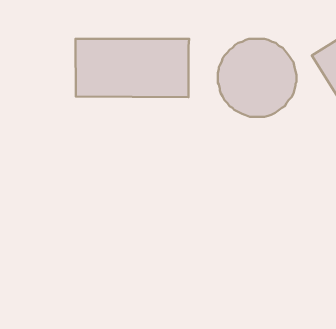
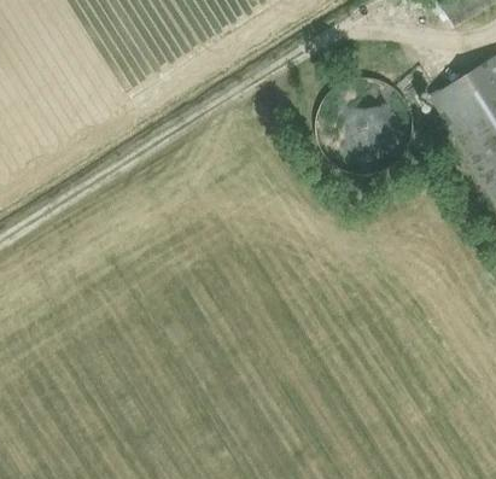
building: [76,39,189,97] -> none

